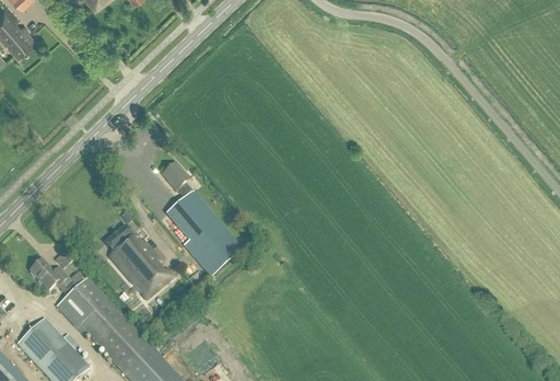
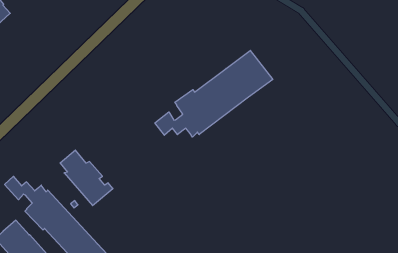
building: none -> [155,50,273,137]
building: [161,161,242,276] -> none

